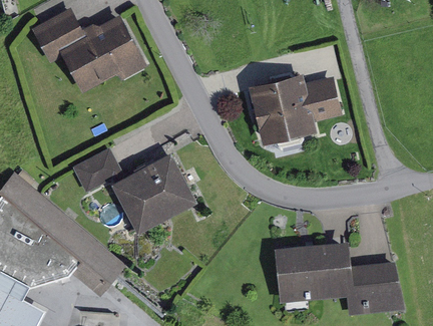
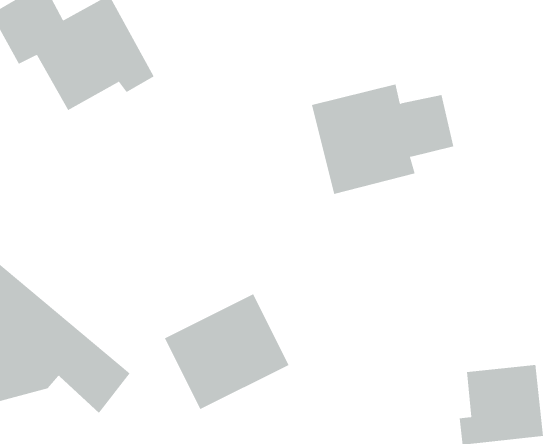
building: [71,147,121,192] -> none
building: [110,155,194,234] -> [164,294,289,410]
building: [272,243,352,304] -> none

